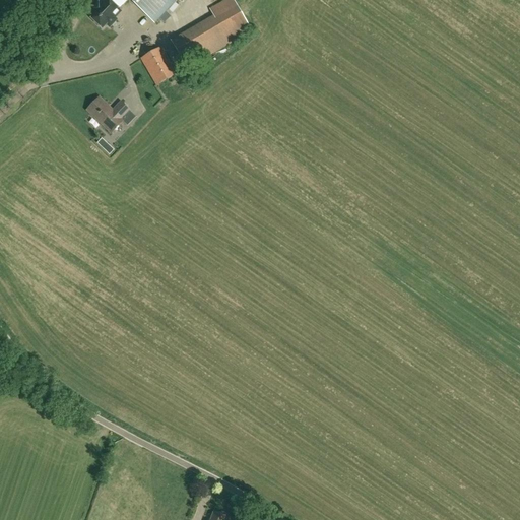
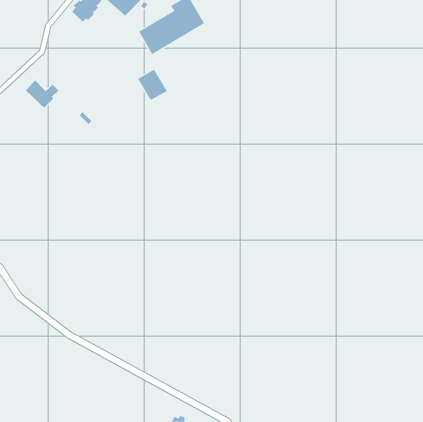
building: [139,45,177,84] -> [137,69,168,101]
building: [86,95,128,131] -> [25,80,59,109]

